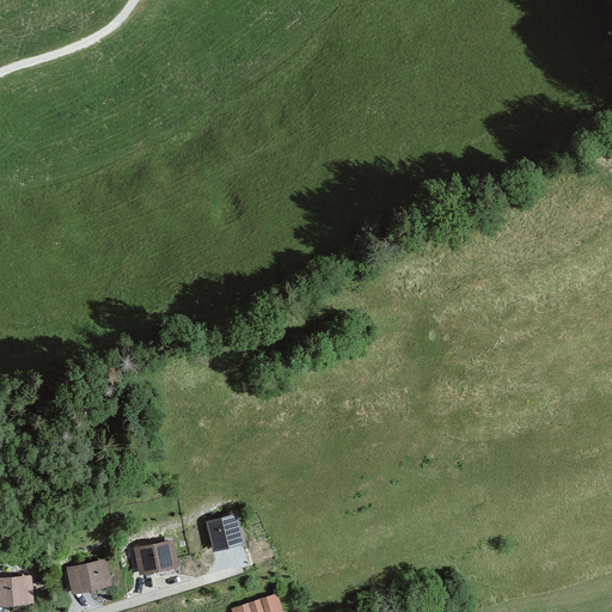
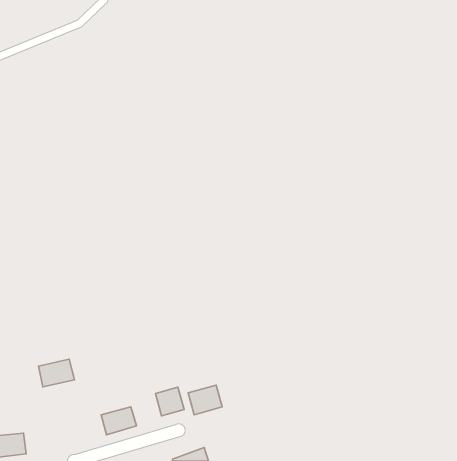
building: none -> [188,385,222,415]
building: [65,558,112,595] -> [38,359,74,387]

